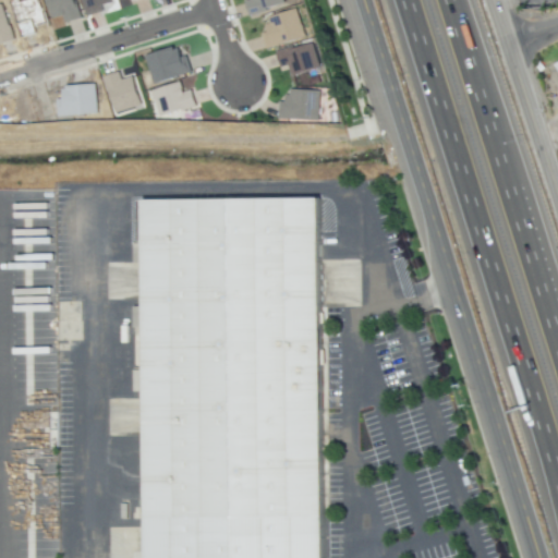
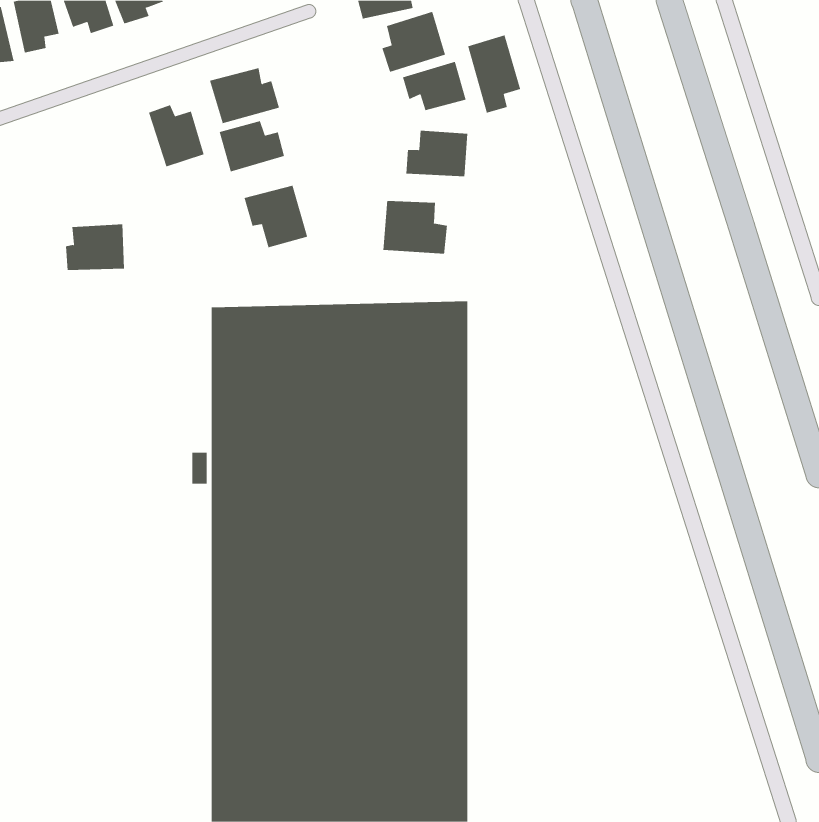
building: none -> [468,34,521,114]
building: [53,84,94,116] -> [65,224,125,270]
building: none -> [244,185,308,248]
building: none -> [383,200,447,255]

